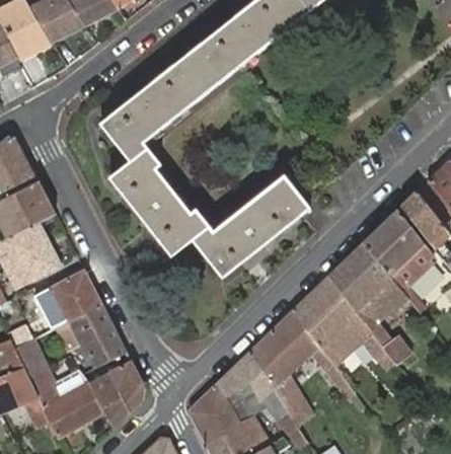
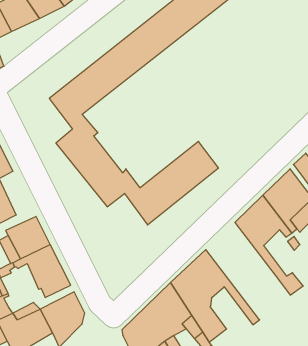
building: [293,276,383,361] -> none

